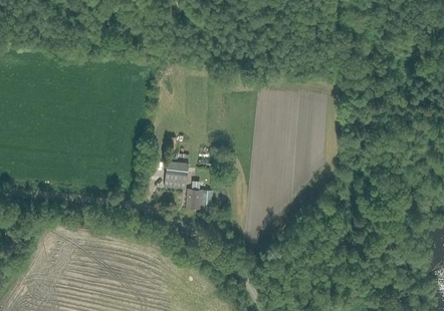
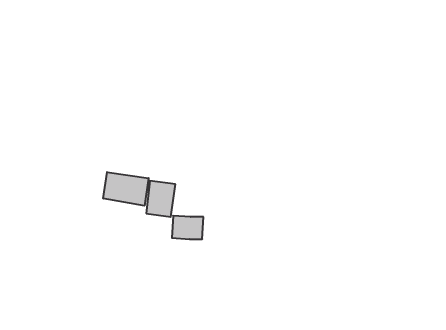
building: none -> [103,172,149,206]

